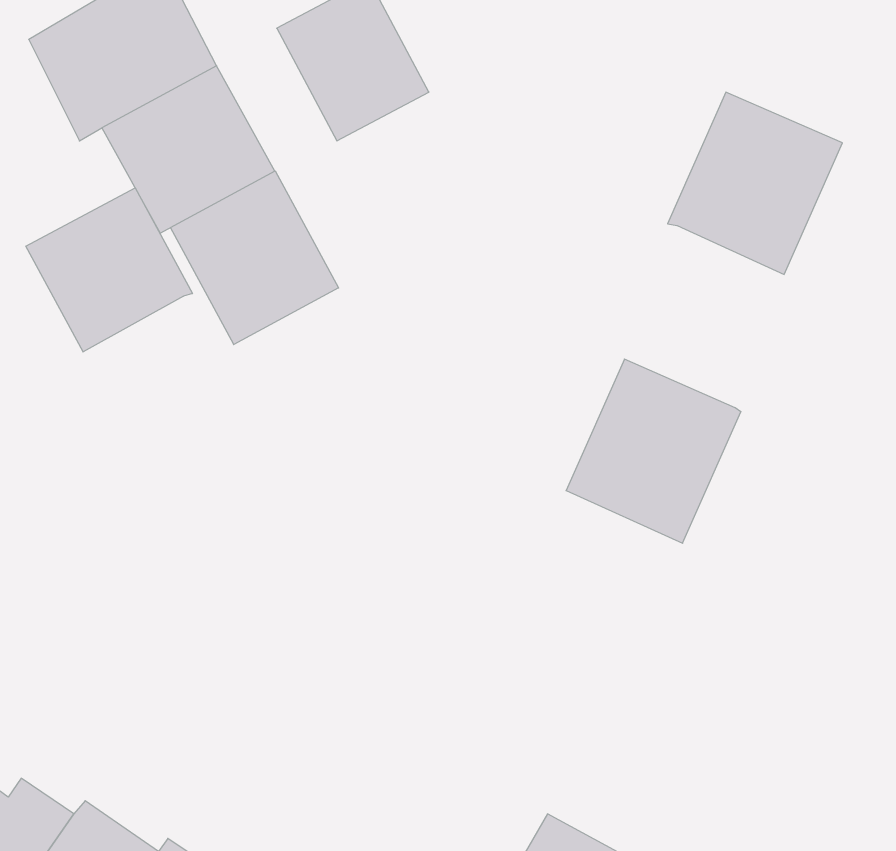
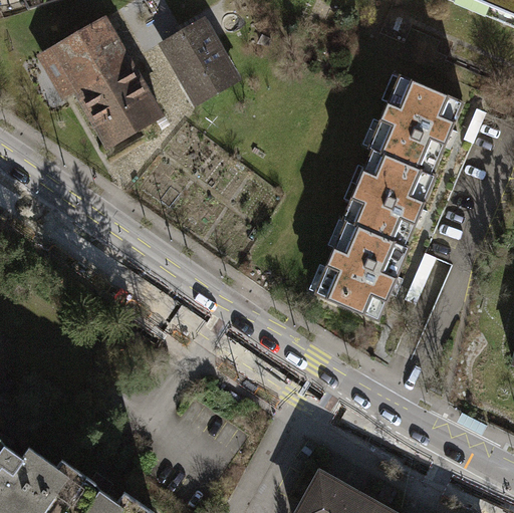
building: [170,171,339,345] -> none
building: [26,188,192,352] -> none
building: none -> [342,150,435,247]

